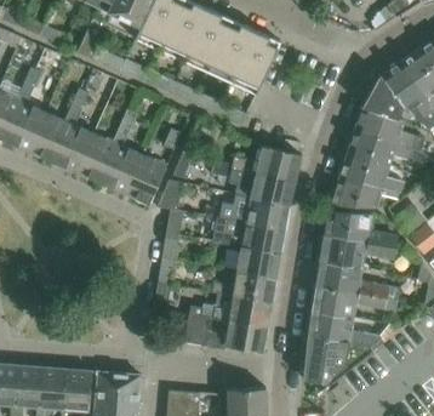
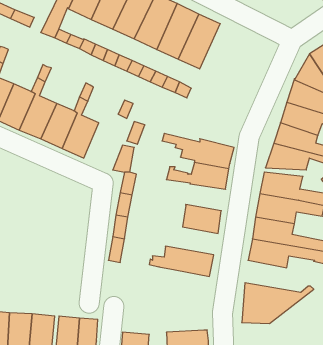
building: [216,147,301,182] -> none
building: [125,154,166,205] -> none
building: [212,217,285,253] -> none
building: [212,272,276,303] -> none
building: [183,307,267,353] -> none
building: [307,309,381,346] -> none

